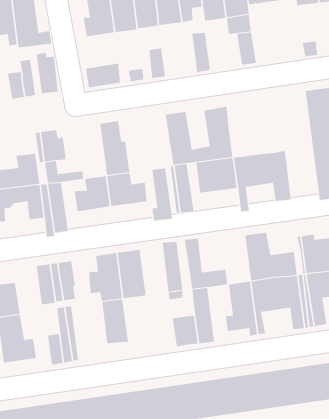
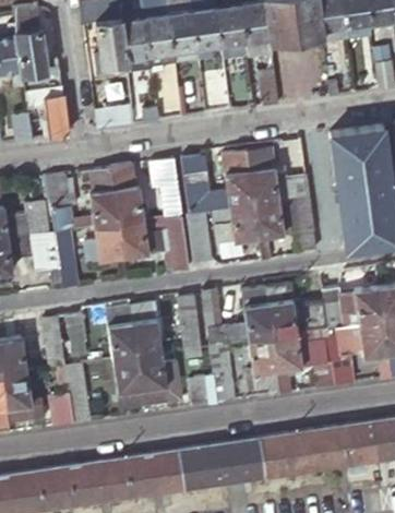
building: none -> [248,146,310,204]
building: none -> [152,158,182,217]
building: none -> [89,168,119,227]
building: none -> [242,287,273,339]
building: none -> [136,351,182,401]

